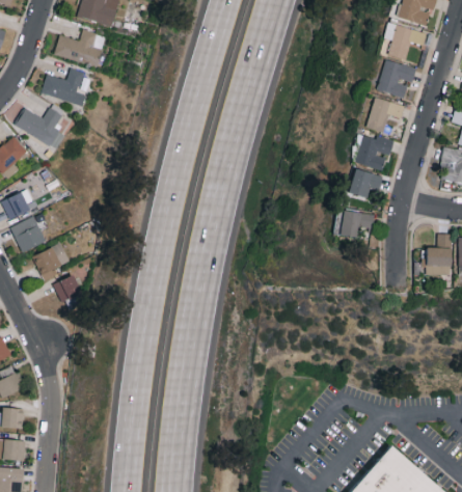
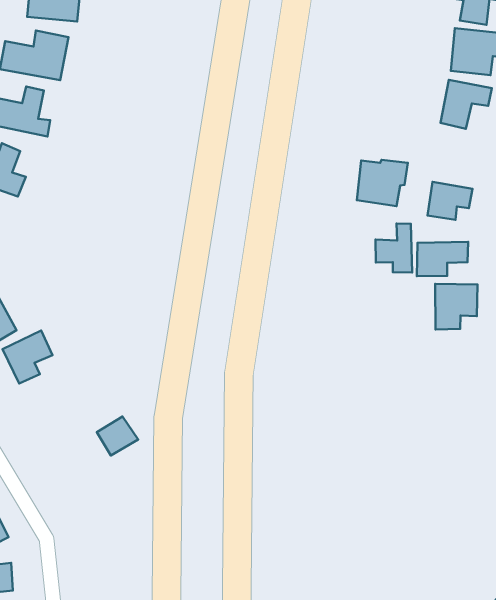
building: [354,135,393,170] -> [357,160,408,206]
building: none -> [376,224,412,273]
building: none -> [435,284,478,329]
building: [53,275,82,302] -> [97,416,138,455]

